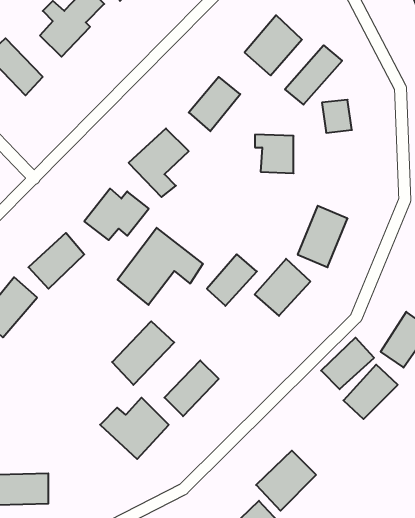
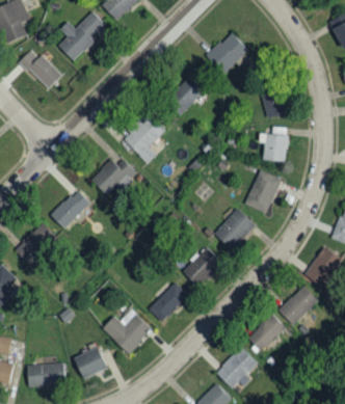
building: [285,45,342,105] -> none
building: [255,135,294,173] -> [259,133,287,161]
building: [118,228,203,305] -> none
building: [207,254,257,306] -> [184,247,220,285]
building: [112,321,174,385] -> none
building: [321,338,374,389] -> [247,313,286,350]
building: none -> [73,347,107,378]

